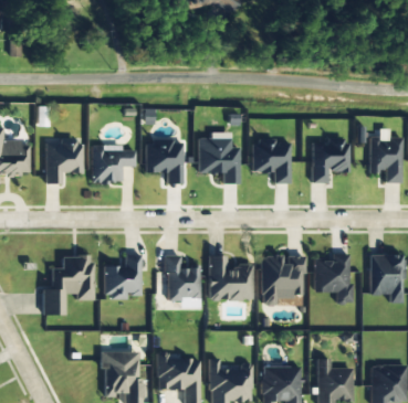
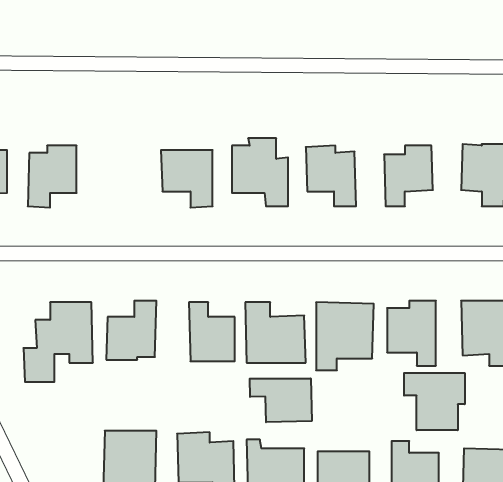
building: [91,146,135,183] -> none
building: none -> [404,373,465,430]
building: none -> [250,378,312,422]

